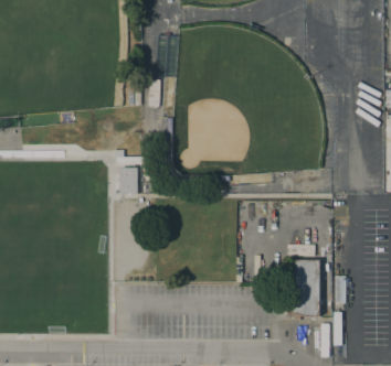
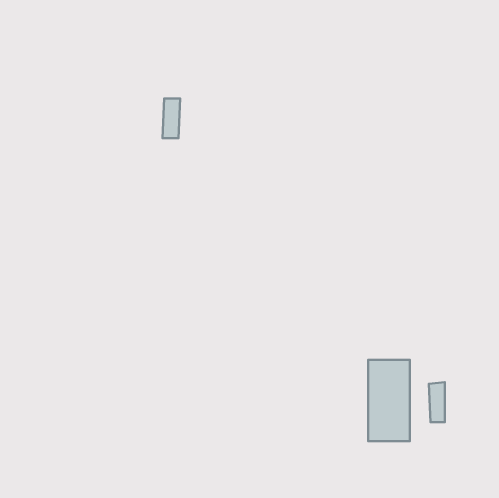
building: [120,168,138,194] -> none

